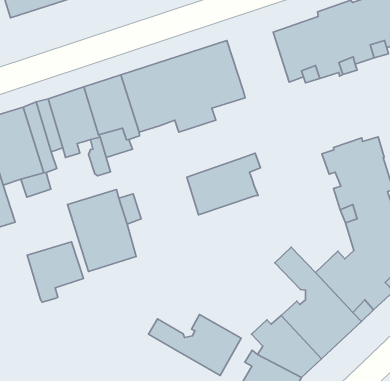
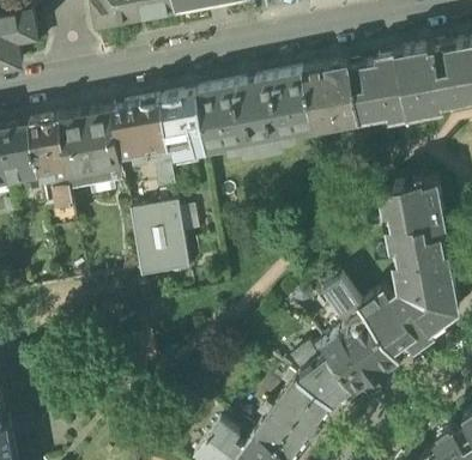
building: none -> [303,63,358,126]
building: [187,153,261,215] -> none
building: [27,242,83,302] -> none
building: [148,315,241,375] -> none

